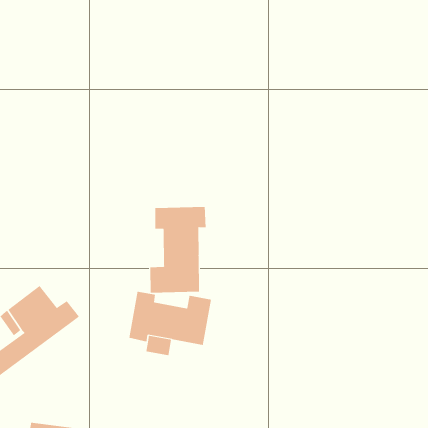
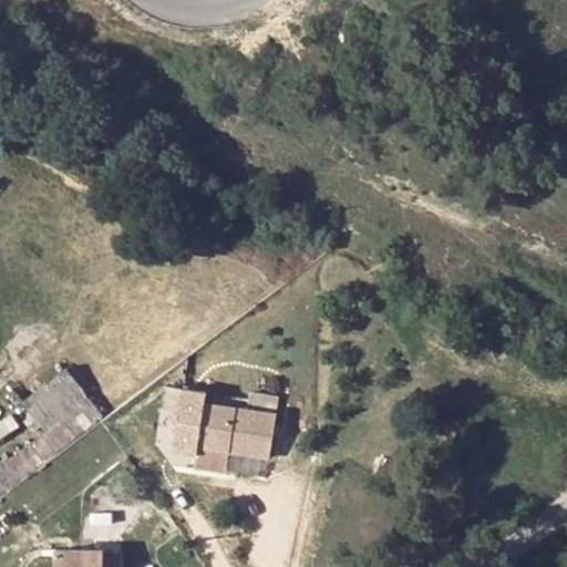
building: [150,206,206,293] -> none

